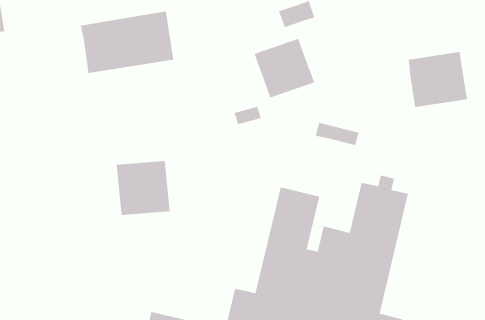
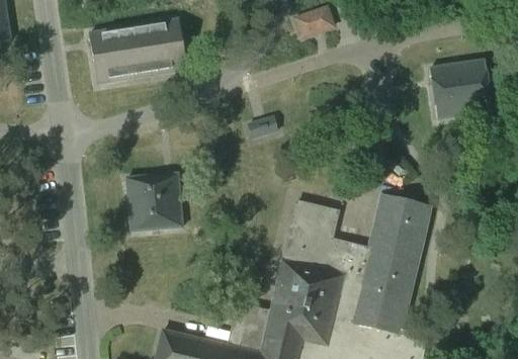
building: [253,38,315,98] -> none
building: [314,121,361,147] -> none

